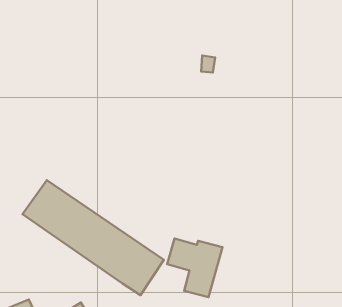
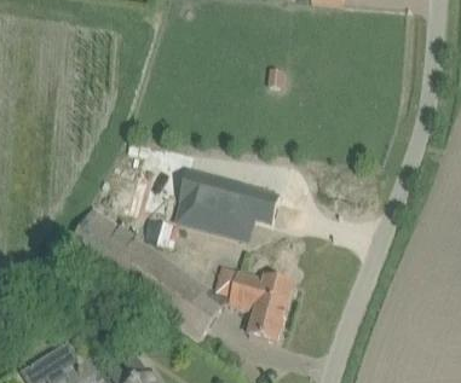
building: none -> [178,170,280,240]

